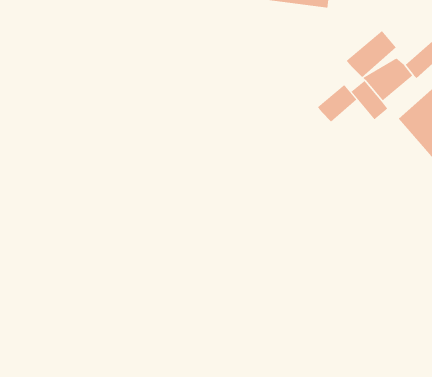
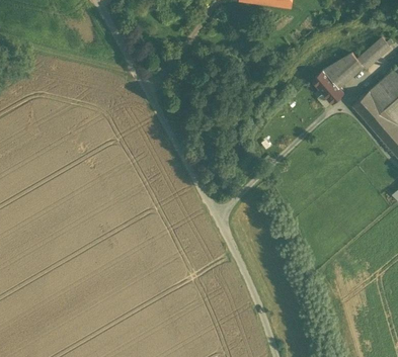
building: [346,30,397,78] -> none
building: [317,84,357,123] -> none

